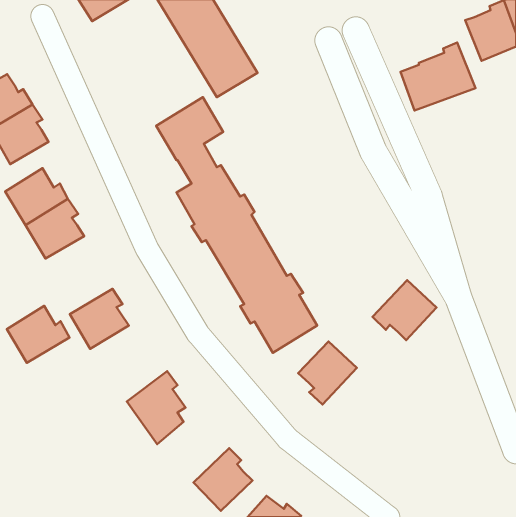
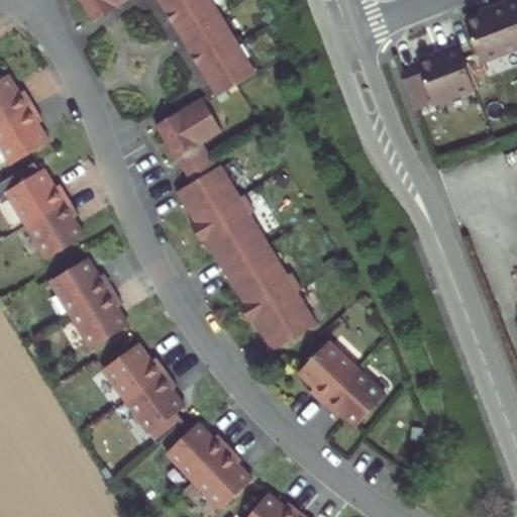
building: [373,280,436,340] -> [321,367,385,426]
building: [7,306,70,363] -> [49,256,112,313]
building: none -> [103,342,167,400]
building: none -> [166,421,228,481]

